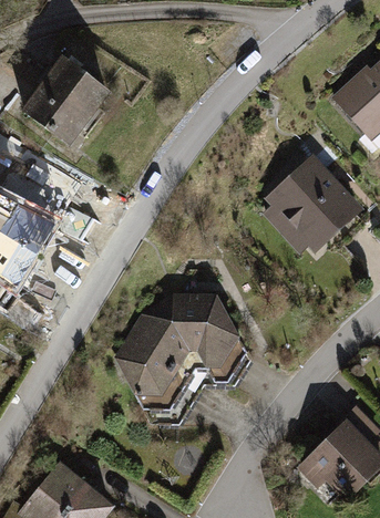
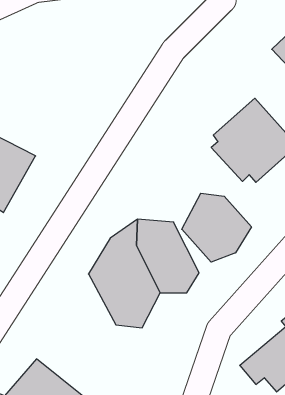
building: [27,61,114,149] -> none
building: none -> [182,193,251,262]

